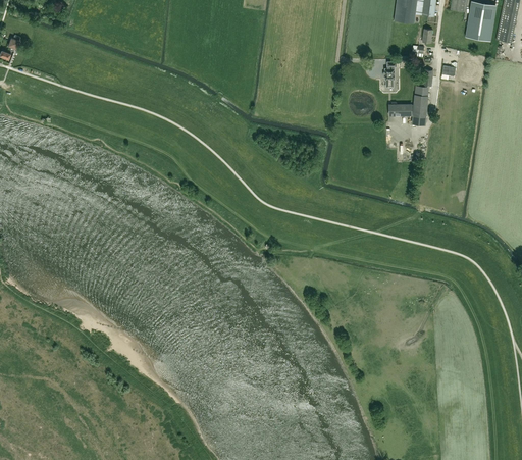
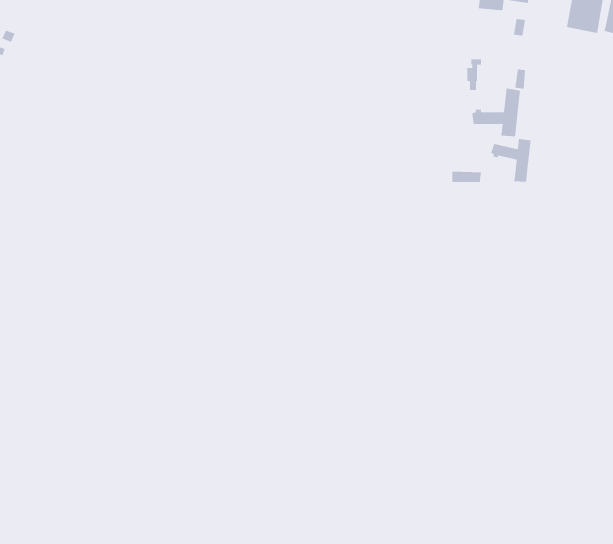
building: none -> [491,138,531,183]

